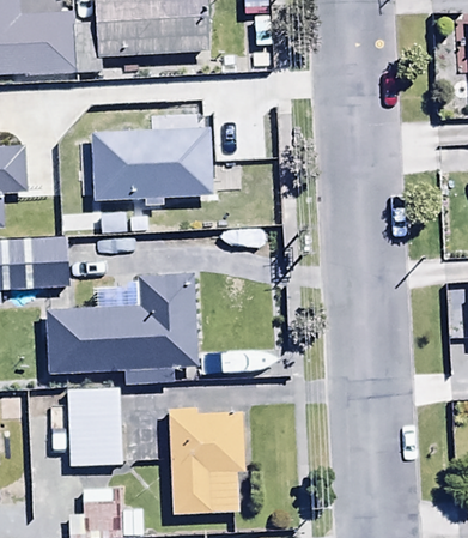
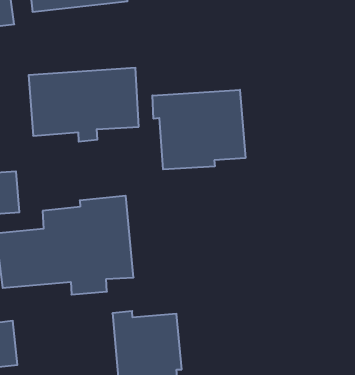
building: none -> [152,90,245,169]
building: [67,386,122,466] -> none

